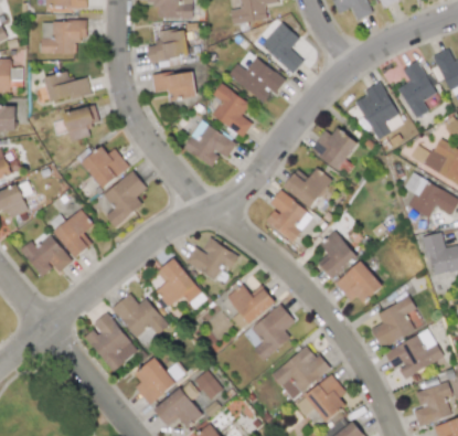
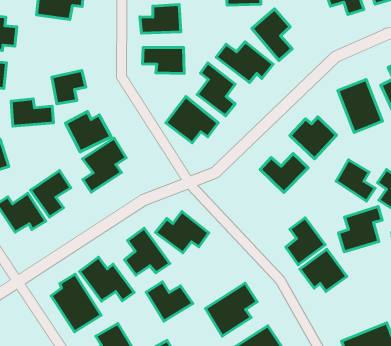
building: [45,72,90,102] -> [11,99,54,126]
building: none -> [336,160,375,201]
building: [266,190,312,242] -> none
building: [227,284,276,323] -> [146,282,193,321]
building: [372,297,415,347] -> [339,207,382,252]

